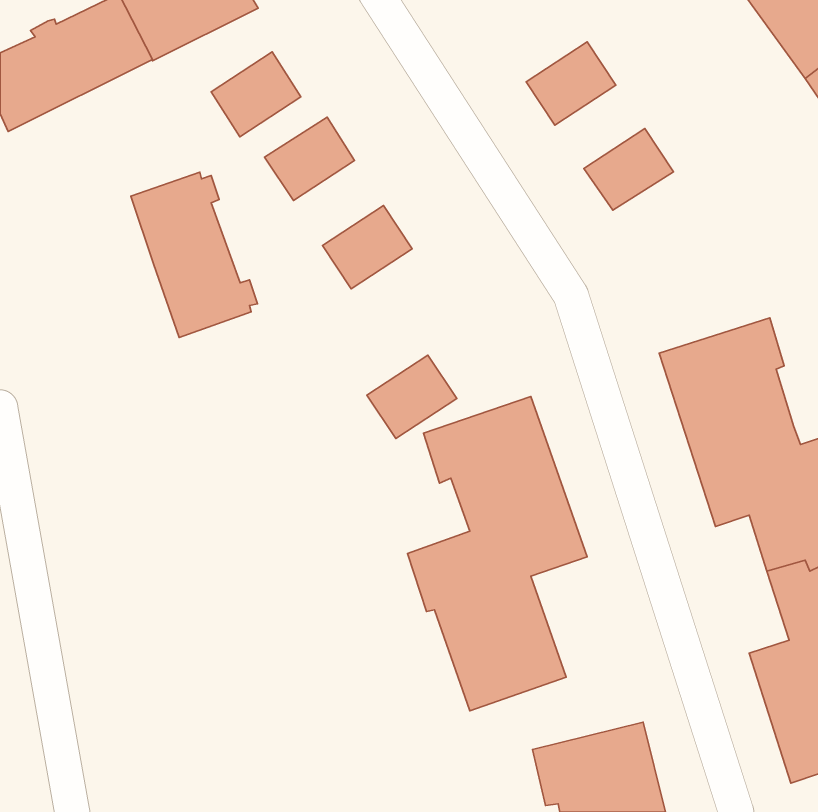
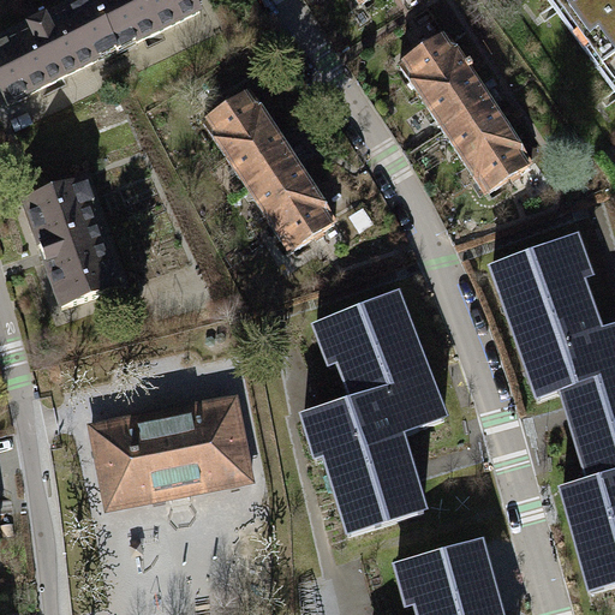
building: [211,52,301,137] -> [221,120,288,184]
building: none -> [417,64,484,126]
building: none -> [460,129,527,190]
building: [131,172,258,338] -> [29,180,124,304]
building: [367,355,457,438] -> [264,186,332,249]
building: none -> [92,395,252,506]

